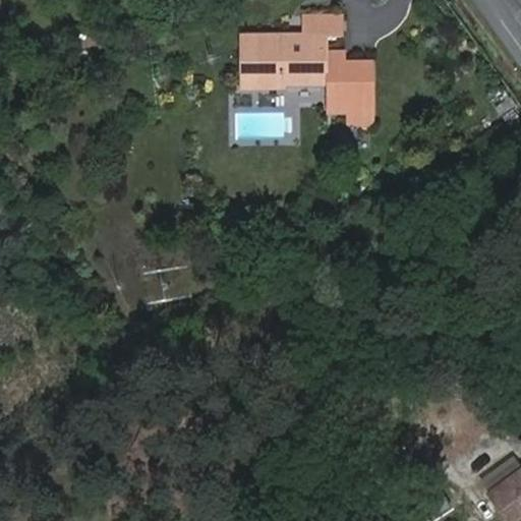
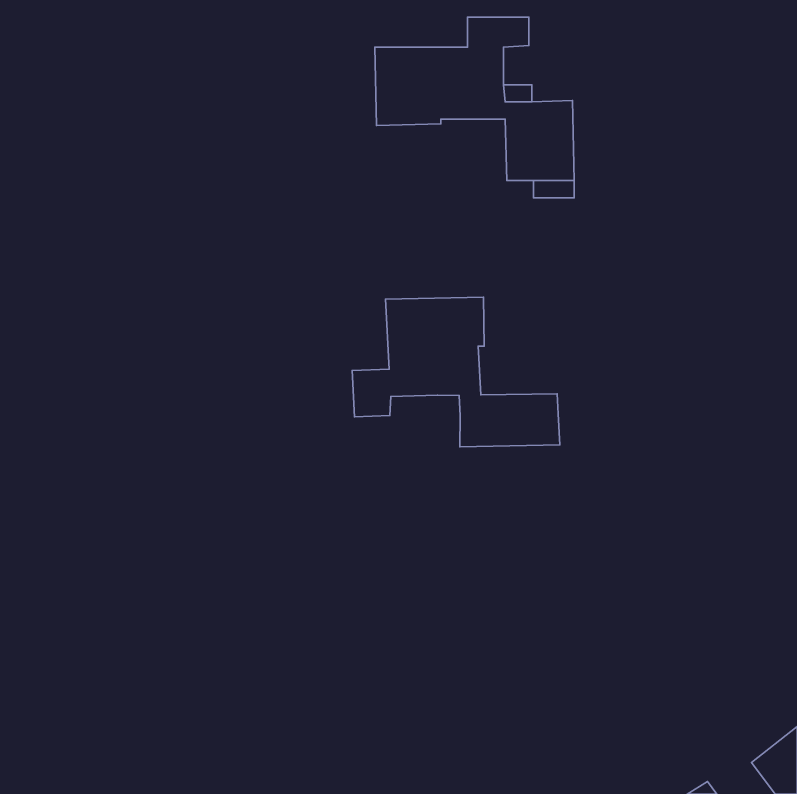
building: none -> [352,297,560,447]

